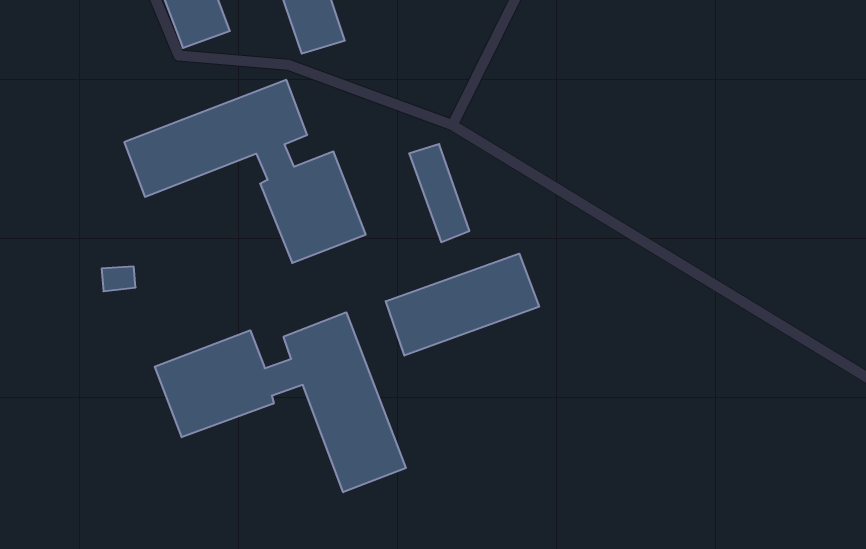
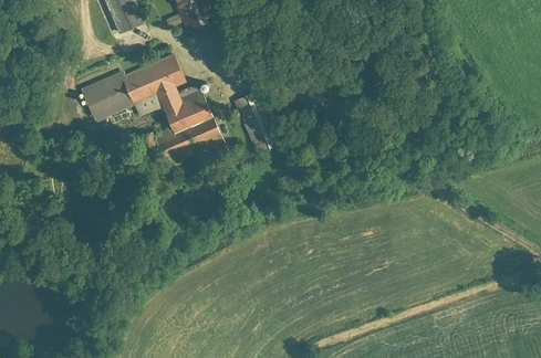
building: [386,254,539,356] -> none
building: [155,312,406,492] -> none

